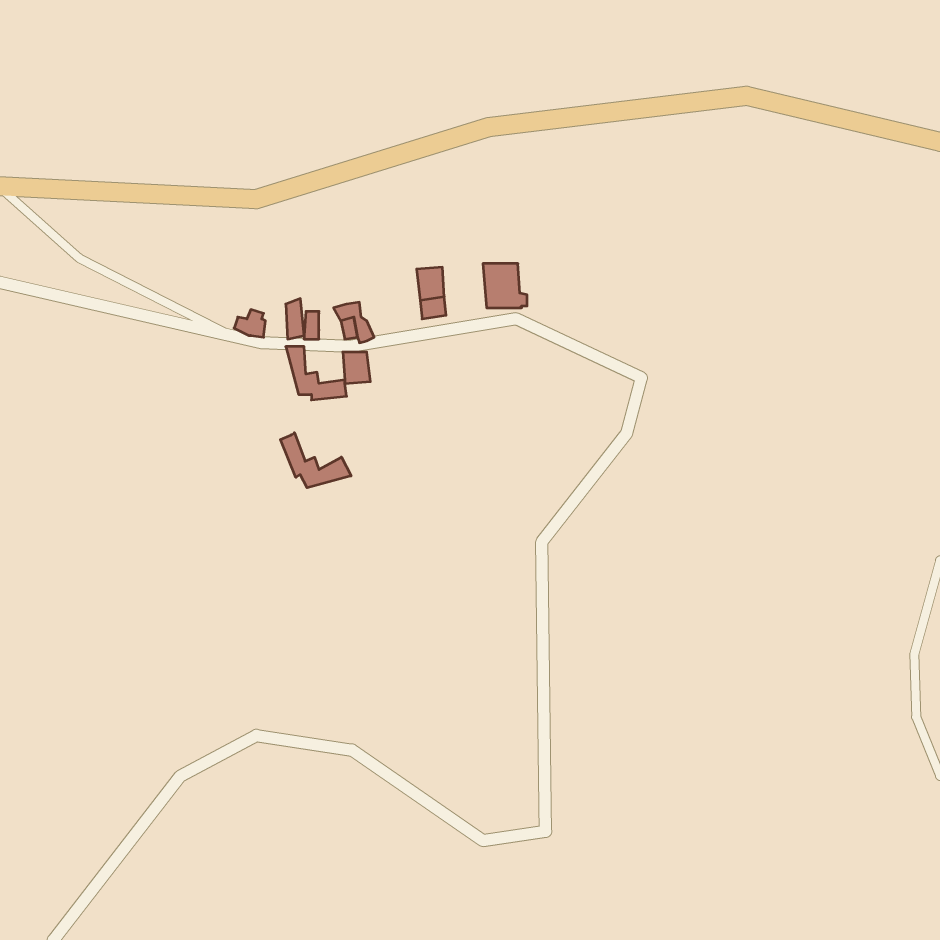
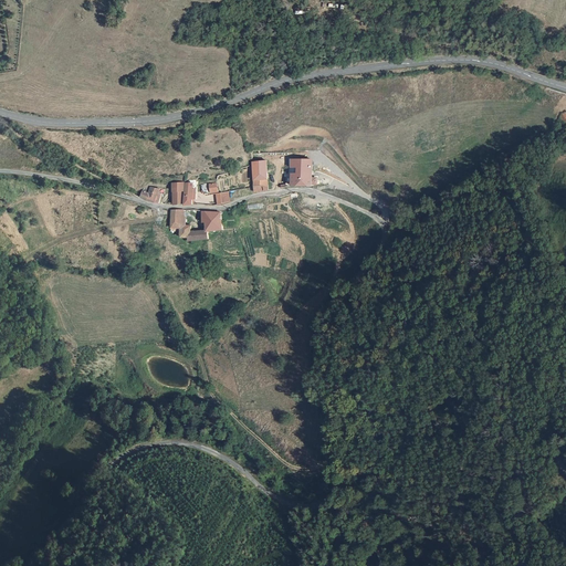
building: [280,433,351,488] -> none

